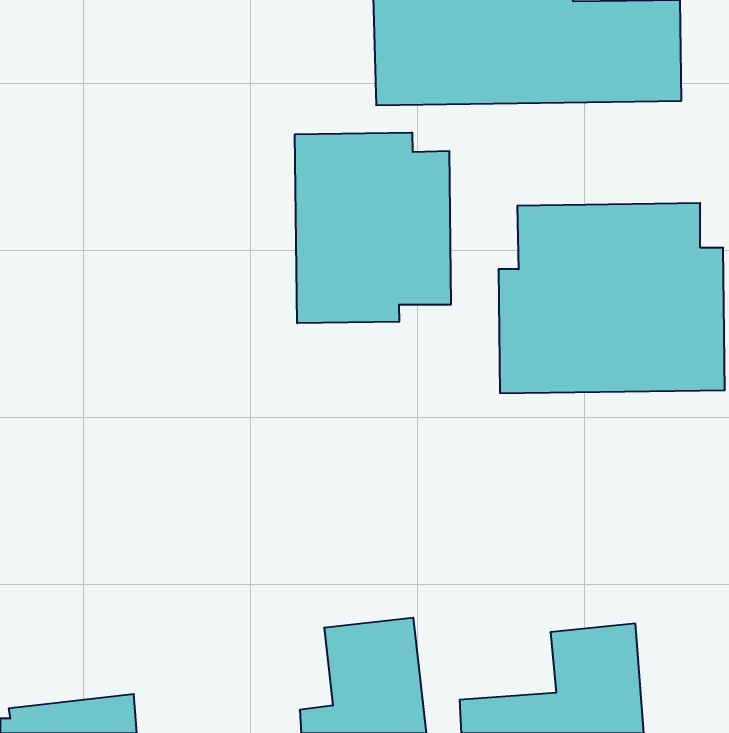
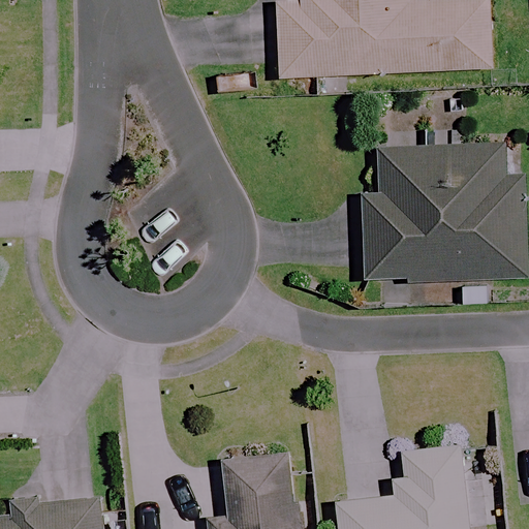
building: [295,132,451,323] -> none

